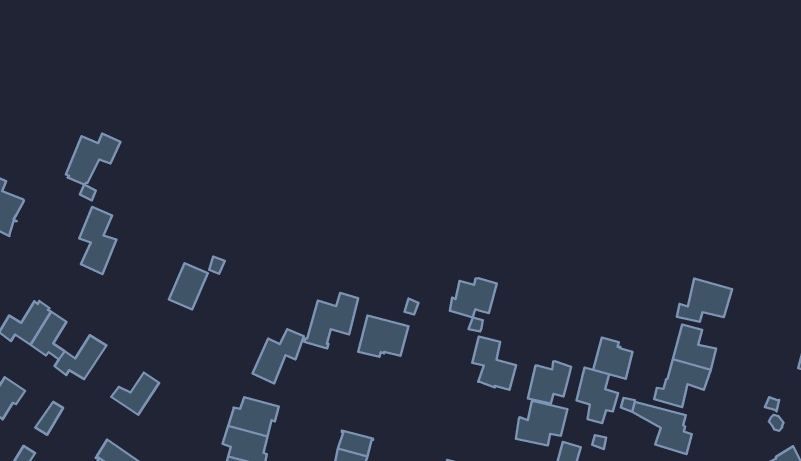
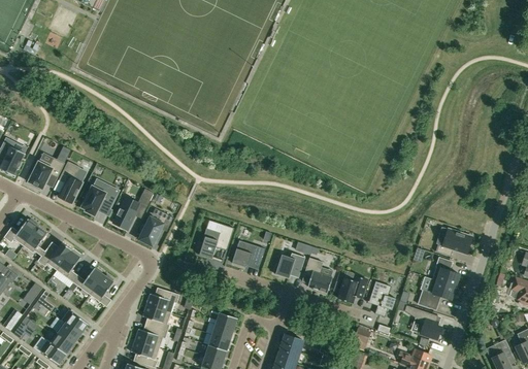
building: [66,133,121,185] -> [29,157,65,189]
building: none -> [82,184,120,214]
building: [450,278,497,317] -> [274,253,305,277]
building: [252,329,304,383] -> [139,211,173,245]
building: [593,337,633,379] -> none
building: none -> [57,248,81,281]
building: none -> [90,274,114,306]
building: [516,401,567,445] -> none

